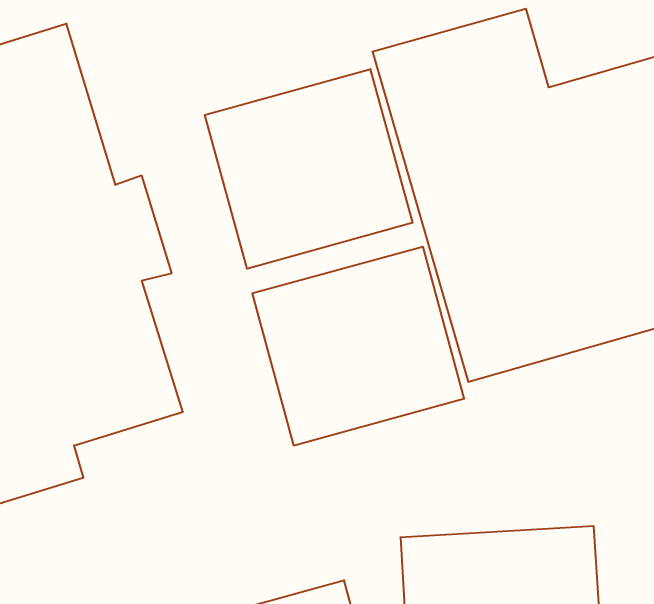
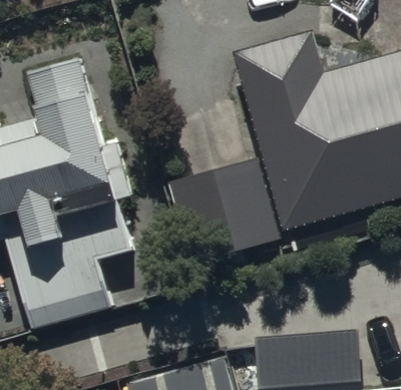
building: [205,69,413,269] -> none

